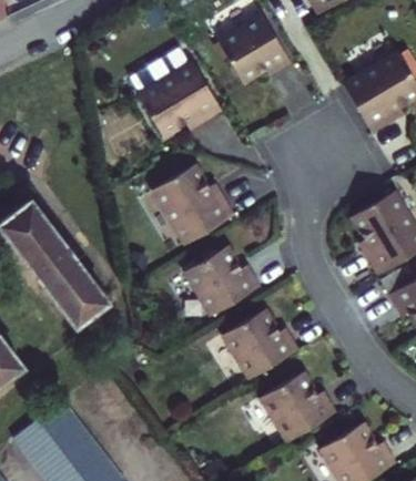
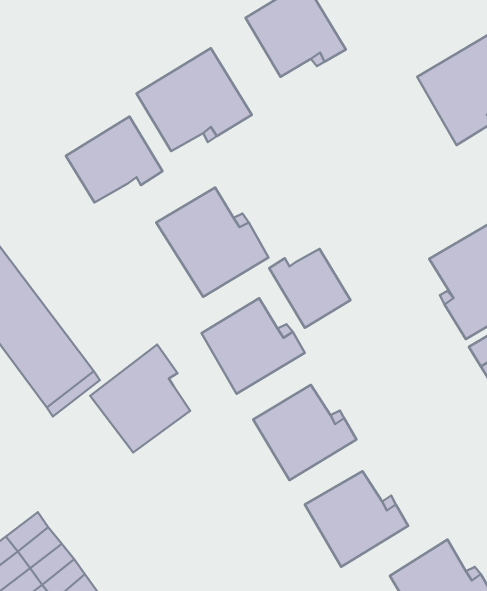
building: none -> [66,116,163,203]
building: none -> [269,249,350,328]
building: none -> [90,344,190,452]

